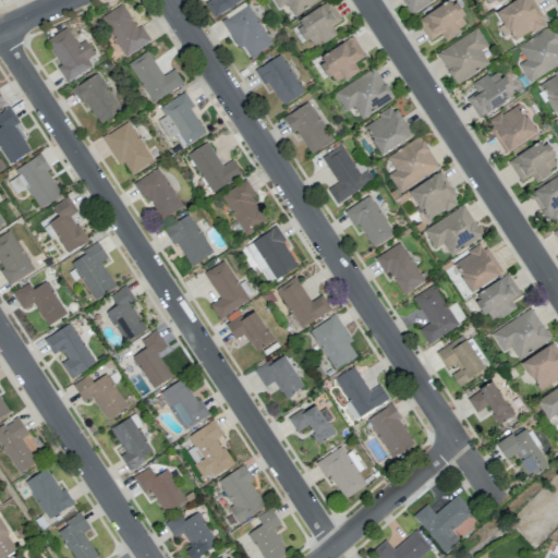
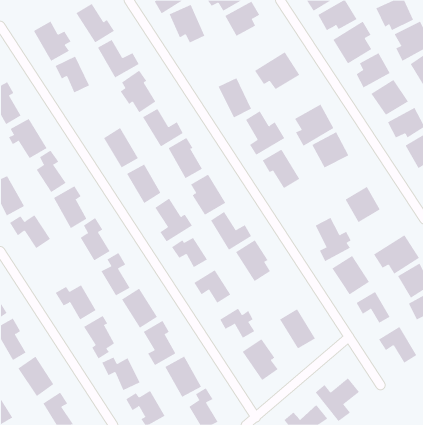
building: [319,37,365,84] -> none
building: [258,53,305,107] -> none
building: [365,107,411,154] -> none
building: [104,121,154,173] -> none
building: [425,205,484,256] -> none
building: [376,242,426,294] -> none
building: [475,275,521,322] -> none
building: [45,323,97,378] -> none
building: [338,367,390,416] -> none

